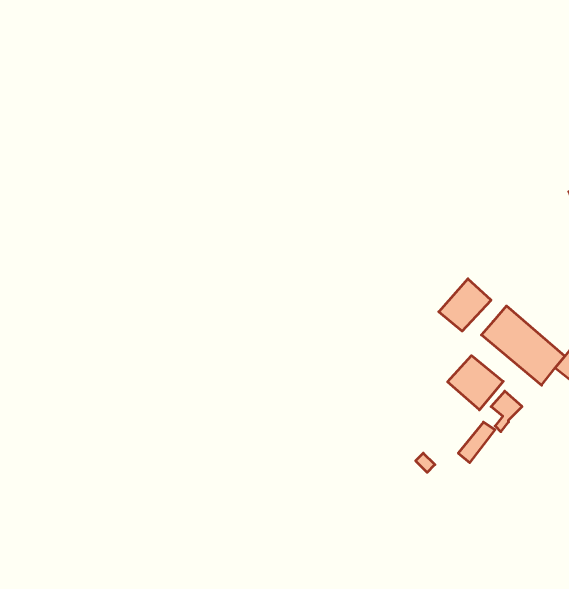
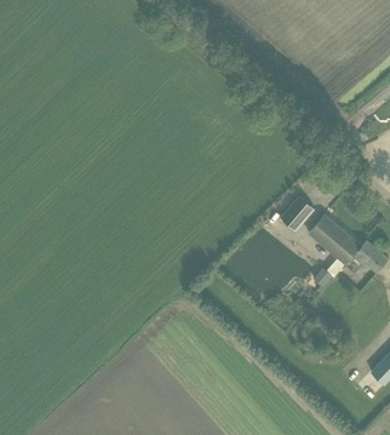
building: [448,356,503,410] -> none

